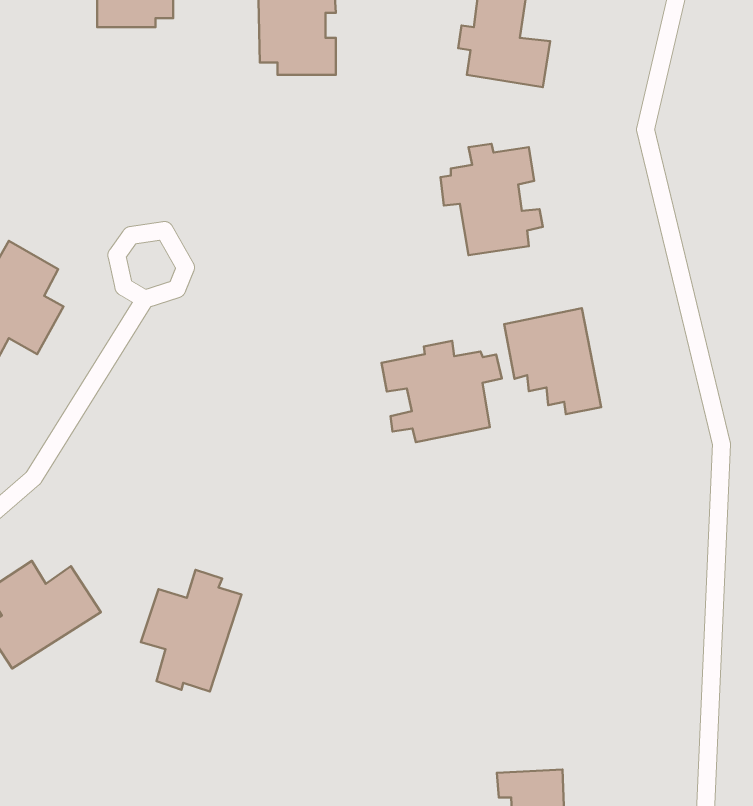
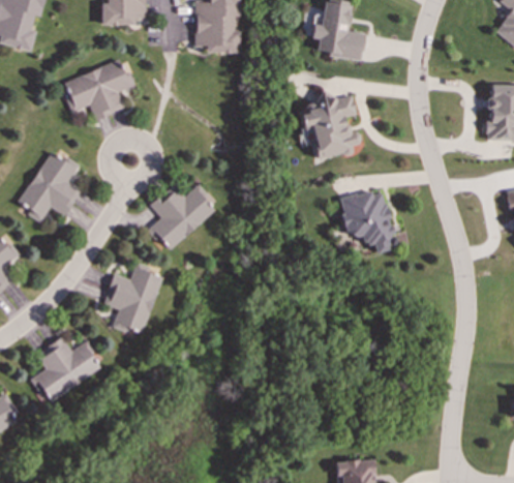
building: none -> [63,61,134,120]
building: none -> [146,184,216,249]
building: [381,341,502,442] -> none
building: [141,570,242,692] -> [102,262,161,333]

